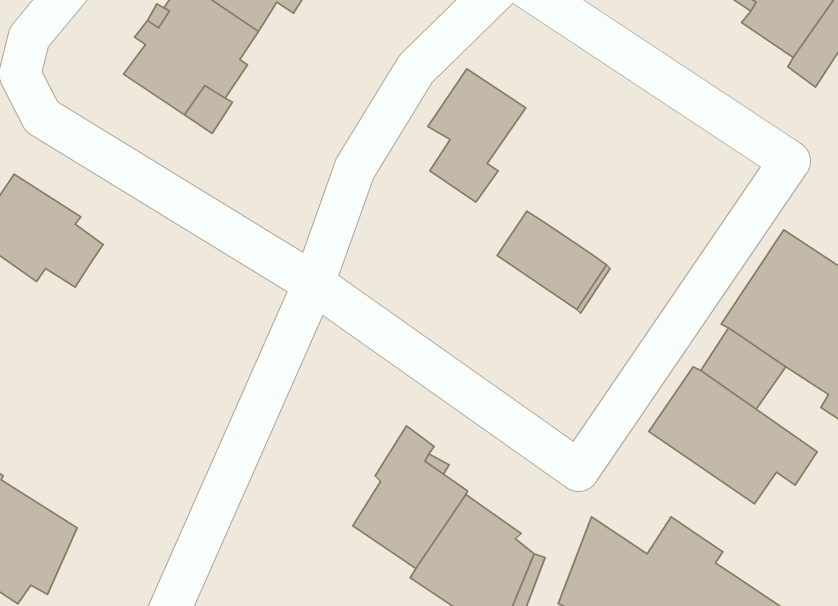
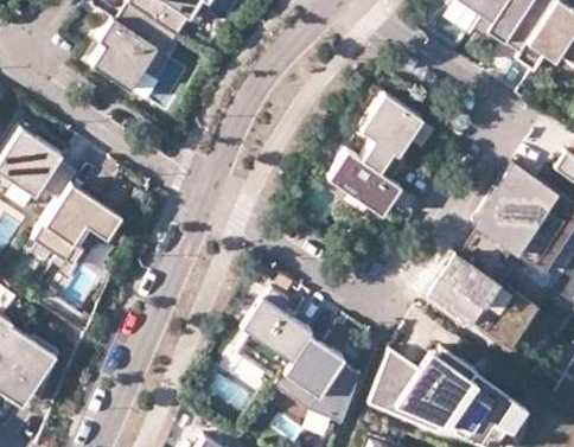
building: [428,69,526,202] -> [361,94,423,179]
building: none -> [32,183,121,266]

